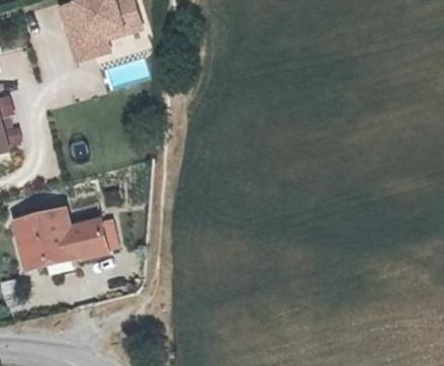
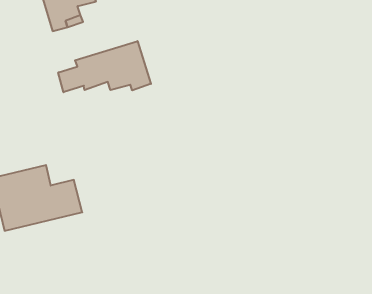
building: none -> [58,41,151,92]

